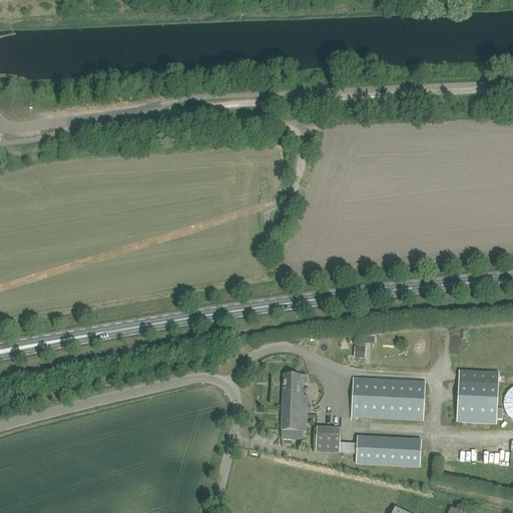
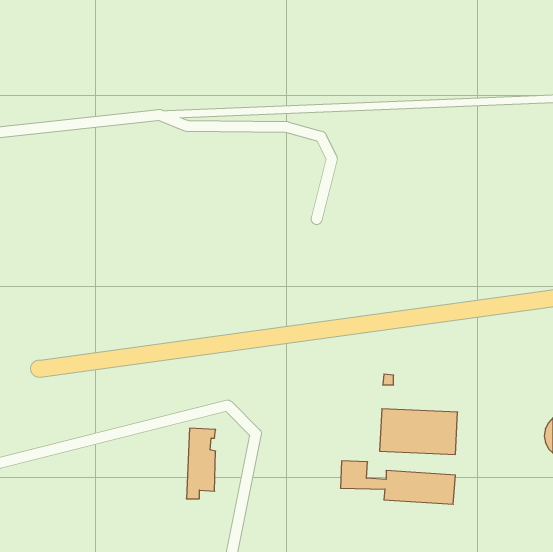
building: [457,370,498,423] -> none
building: [280,373,307,438] -> [186,428,216,499]

